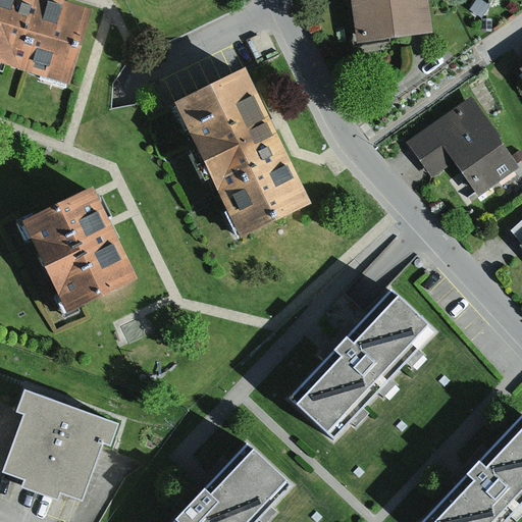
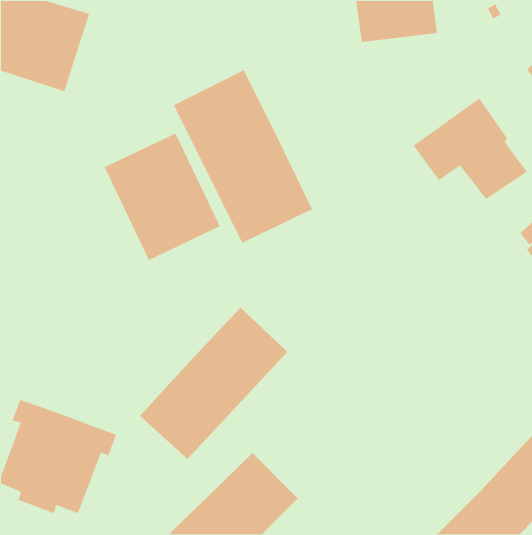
building: [21,187,136,312] -> [103,132,221,261]
building: [290,293,436,442] -> none
building: none -> [139,307,288,460]

